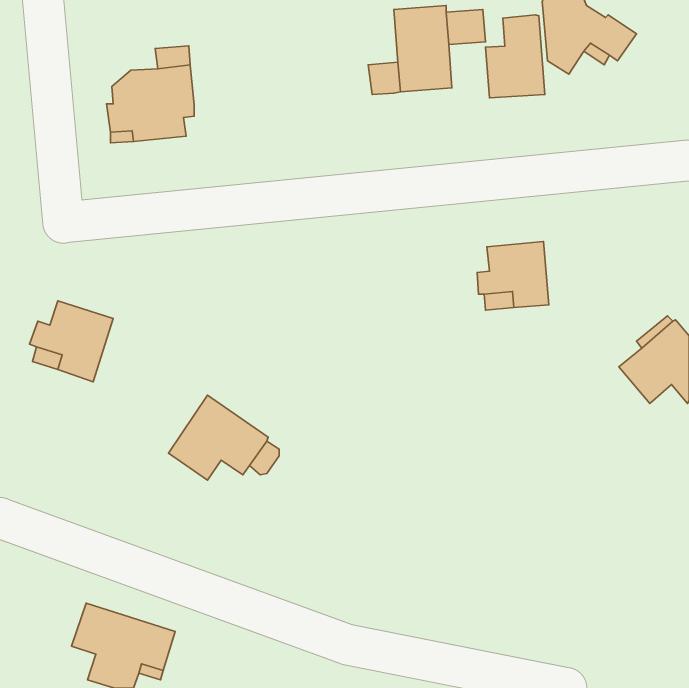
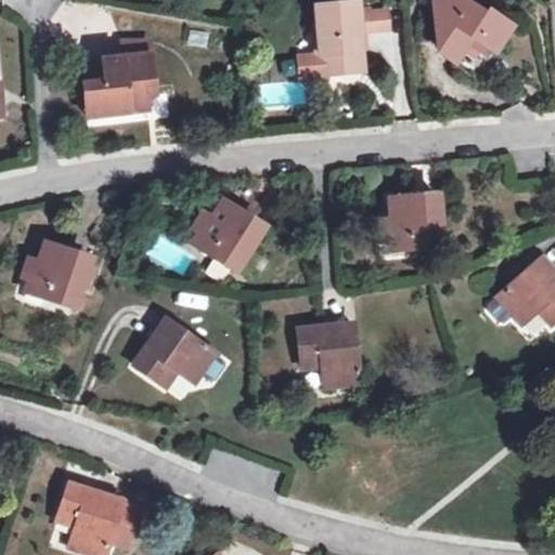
building: [486,15,545,98] -> none
building: none -> [185,198,255,262]
building: none -> [299,326,360,389]

